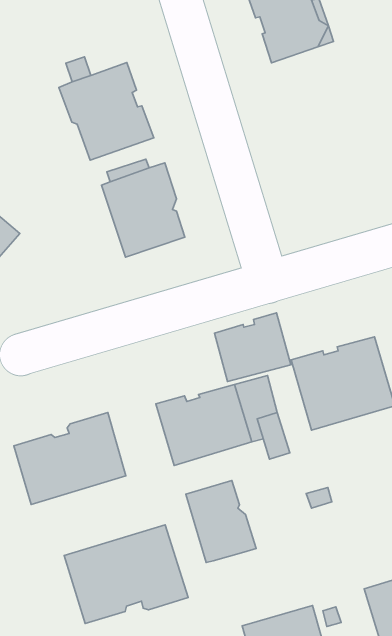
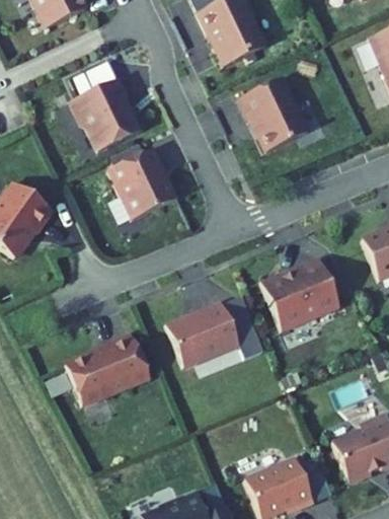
building: none -> [239,75,309,150]
building: [214,313,291,382] -> none
building: [186,480,256,562] -> none
building: [64,525,188,624] -> none

